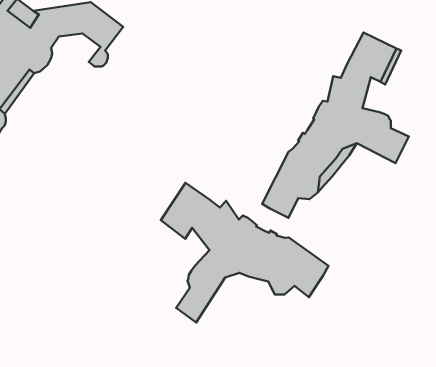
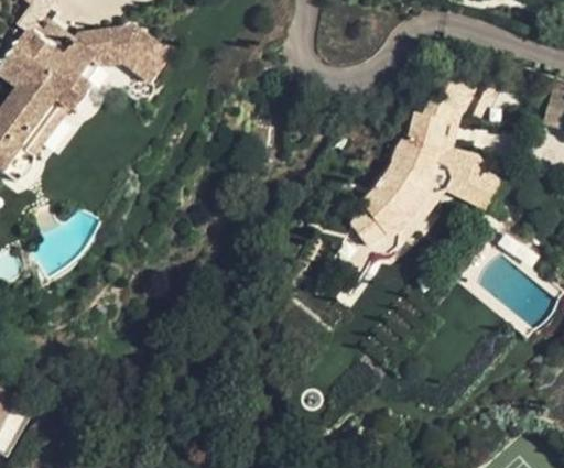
building: [161,183,329,323] -> none

